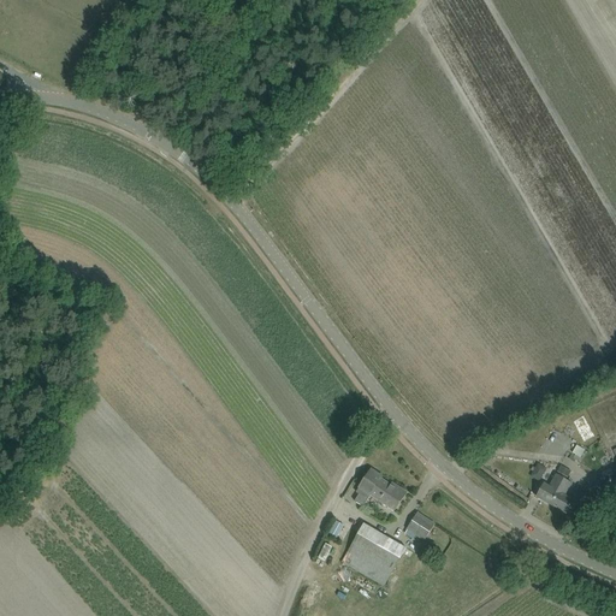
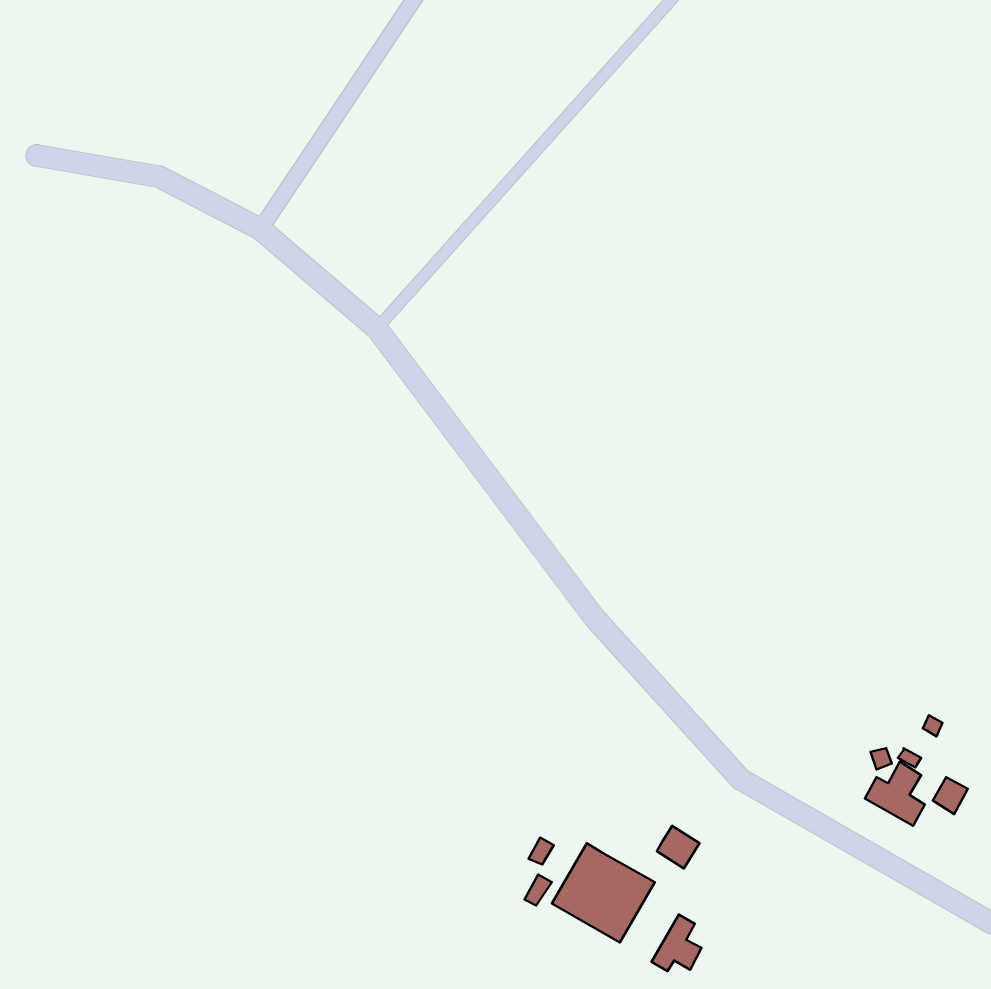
building: [354,468,405,509] -> none
building: none -> [652,914,702,971]

